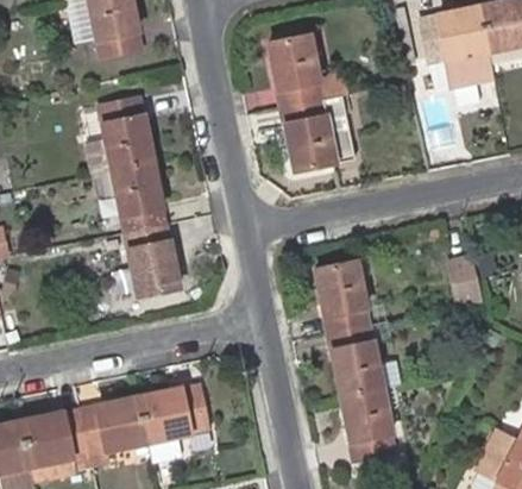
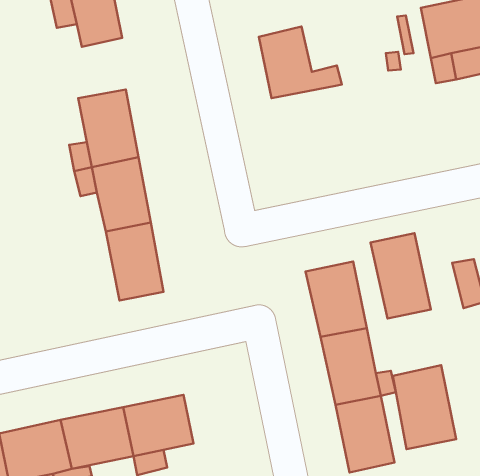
building: [279,92,354,170] -> none
building: none -> [370,233,431,318]
building: none -> [393,365,456,449]

